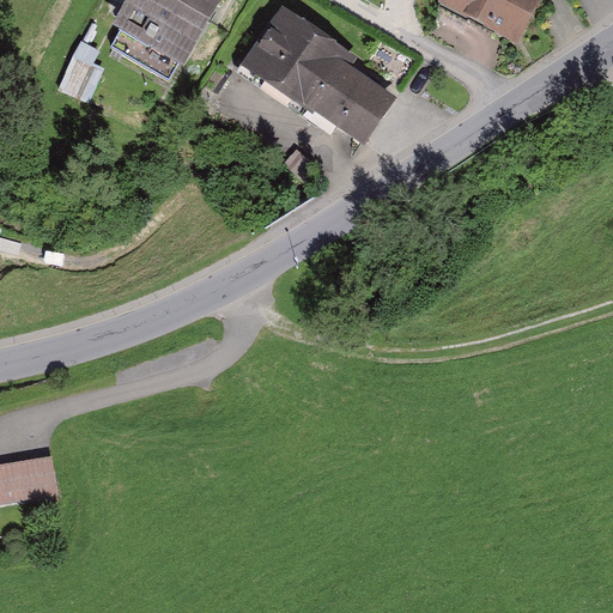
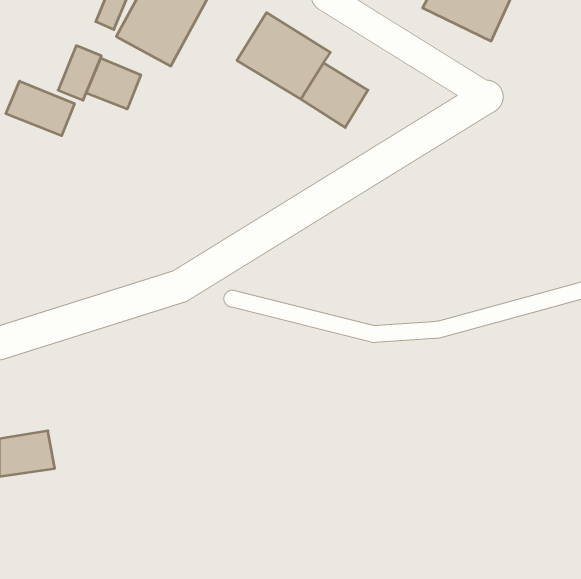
building: none -> [86,58,141,109]
building: none -> [6,81,74,136]

